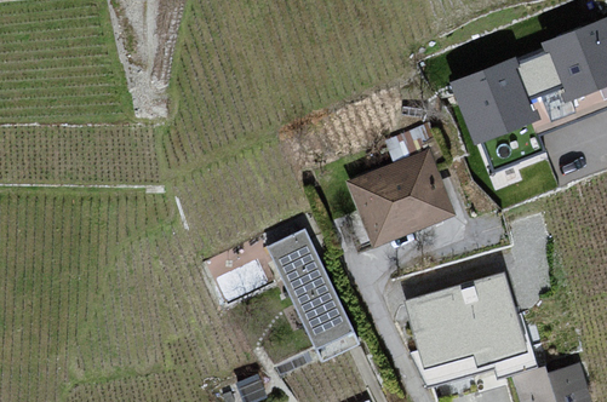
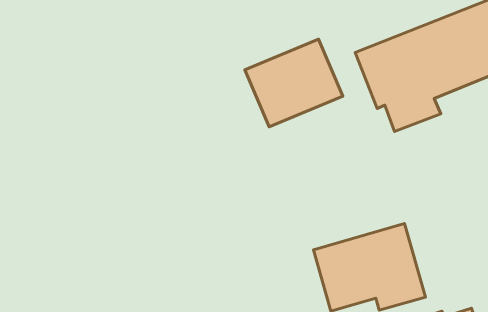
building: [348,149,456,246] -> [245,39,343,127]
building: [264,229,353,349] -> none

